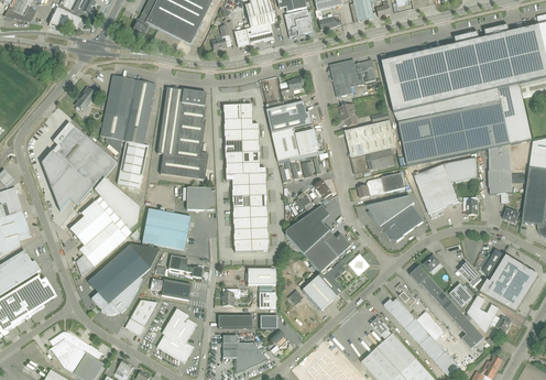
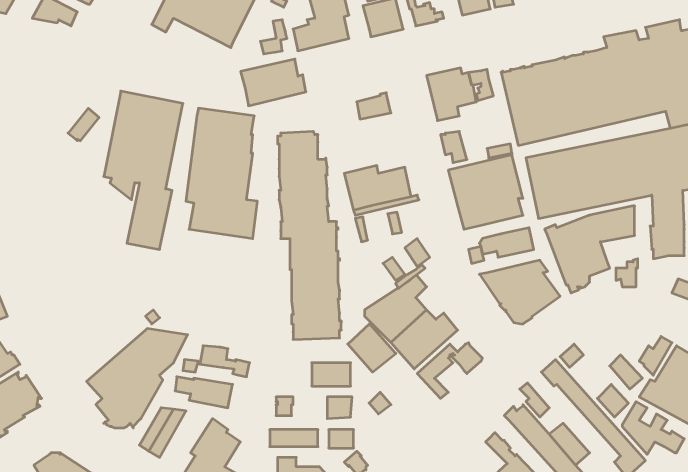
building: [265,100,312,133] -> [241,59,306,106]
building: [42,121,140,229] -> none
building: [187,185,216,210] -> none
building: [69,200,127,275] -> none
building: [142,208,192,249] -> none
building: [303,275,337,310] -> [348,324,396,372]

